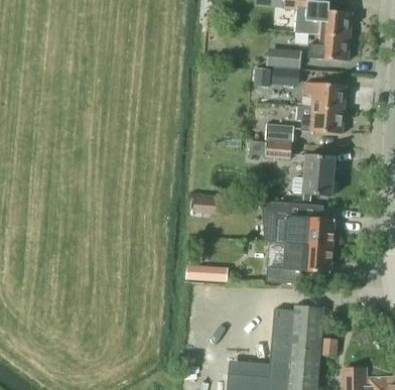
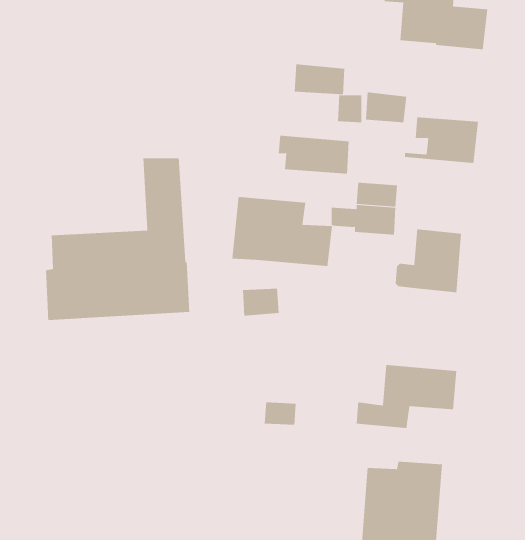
building: [307,35,349,60] -> none
building: [267,46,300,67] -> [294,64,345,95]
building: [296,108,343,133] -> [278,135,350,174]
building: none -> [45,157,190,321]
building: [269,201,335,246] -> [232,196,333,266]

